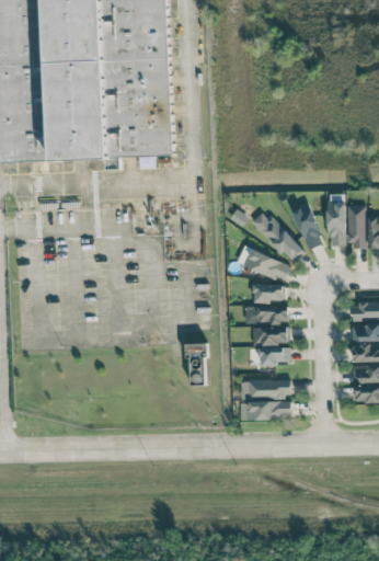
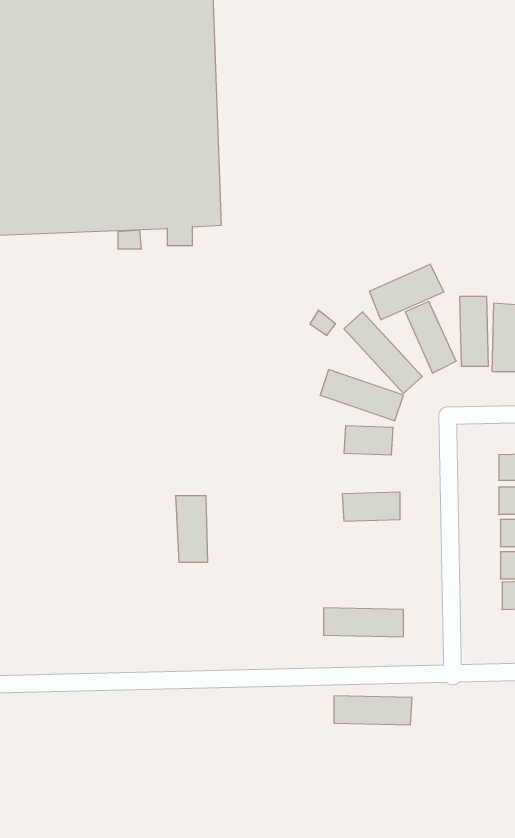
building: none -> [369,264,444,320]
building: [244,306,287,323] -> none
building: [185,343,206,386] -> [175,496,208,562]
building: [259,346,290,364] -> none
building: [240,379,290,398] -> [334,696,412,725]

